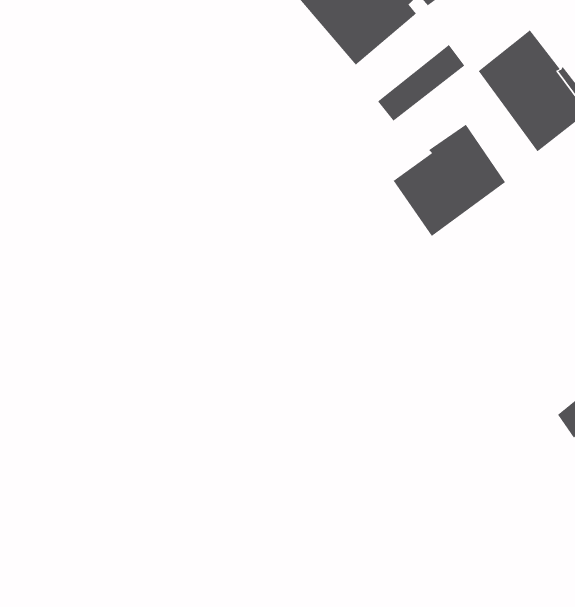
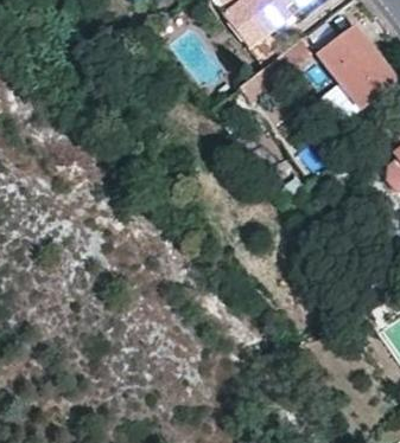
building: [393,124,506,237] -> none

